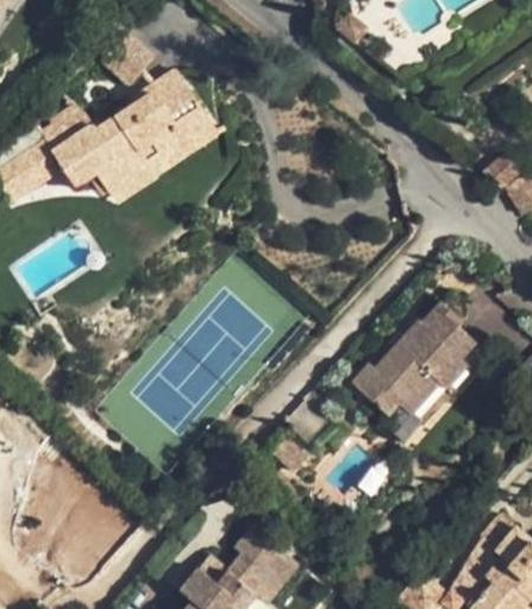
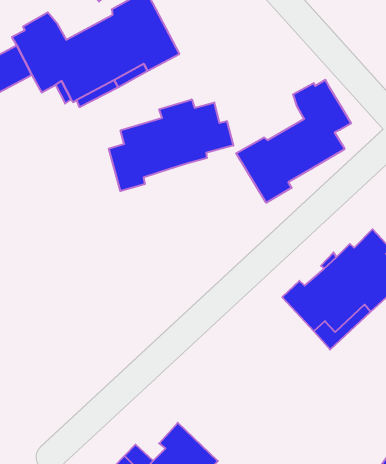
building: none -> [236,80,351,203]
building: none -> [109,99,233,191]

